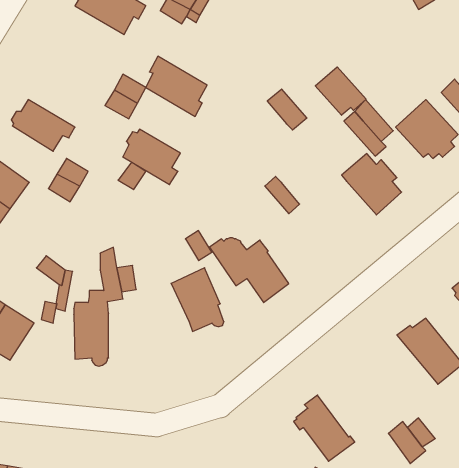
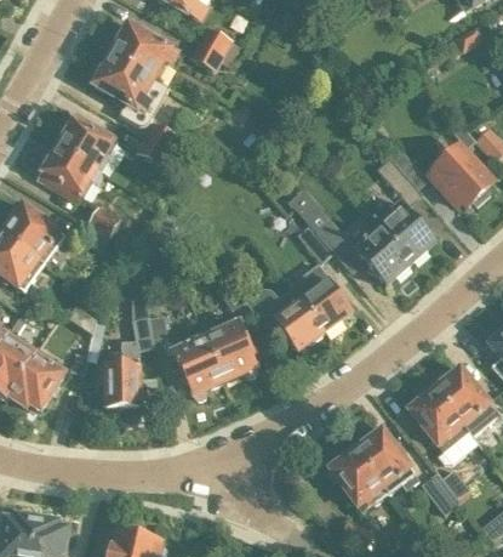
building: [146,56,207,116] -> [93,51,155,112]
building: [315,67,366,115] -> none
building: [267,89,307,130] -> [288,188,328,229]
building: [123,129,180,185] -> [58,118,116,174]
building: none -> [355,228,410,284]
building: none -> [299,263,351,331]
building: none -> [168,331,224,398]
building: none -> [408,383,478,462]
building: none -> [350,427,418,488]

